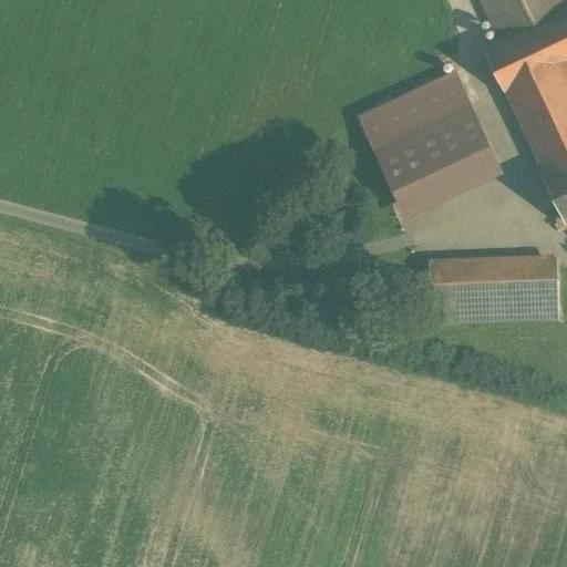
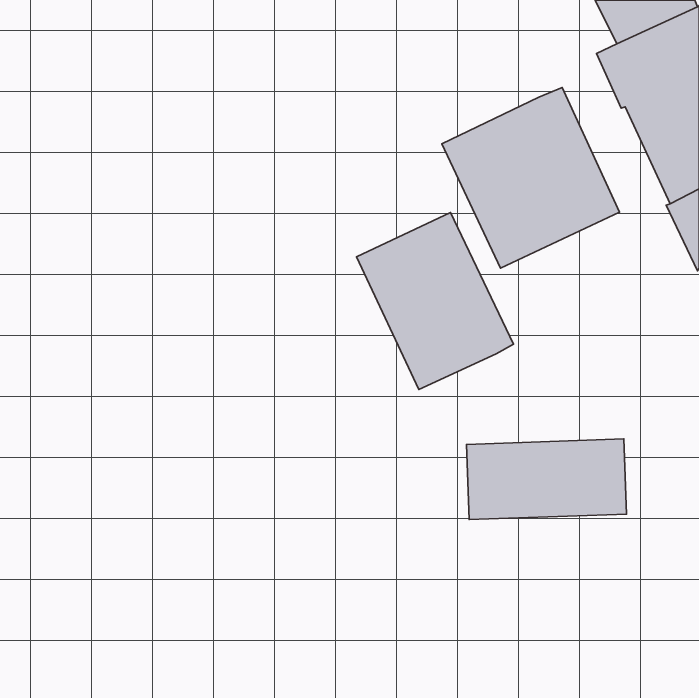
building: none -> [356,213,513,389]
building: [429,258,558,323] -> [466,439,627,520]

